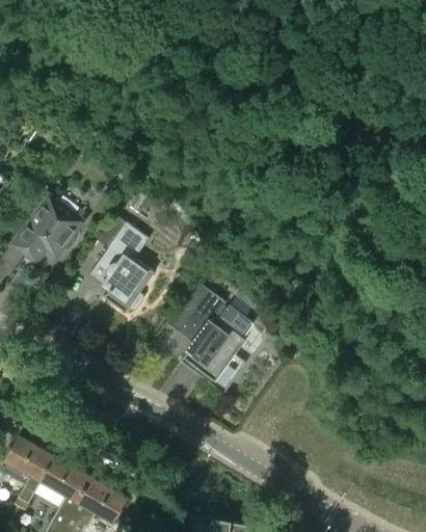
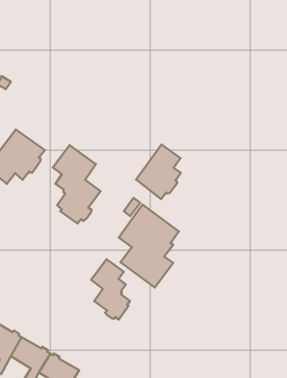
building: none -> [136,144,181,199]
building: none -> [91,259,130,319]

